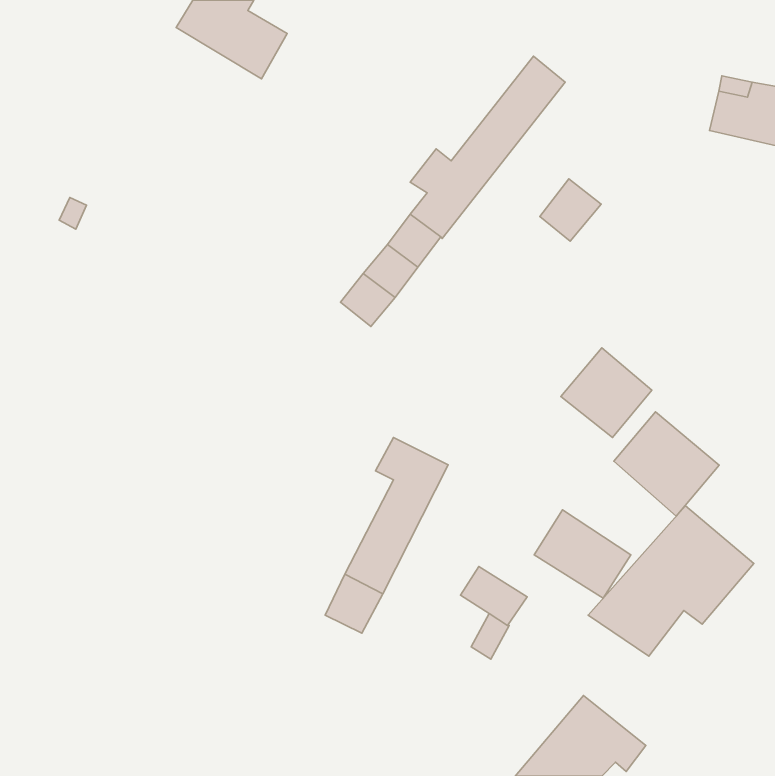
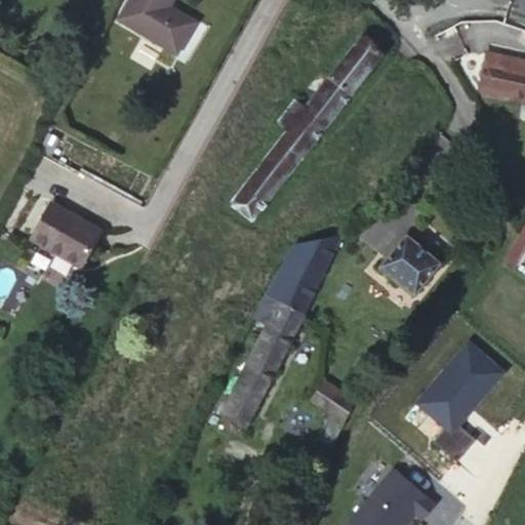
building: [540,179,601,241] -> none
building: none -> [33,203,100,266]
building: none -> [267,236,341,314]
building: [614,412,719,516] -> none
building: [534,510,631,598] -> none

